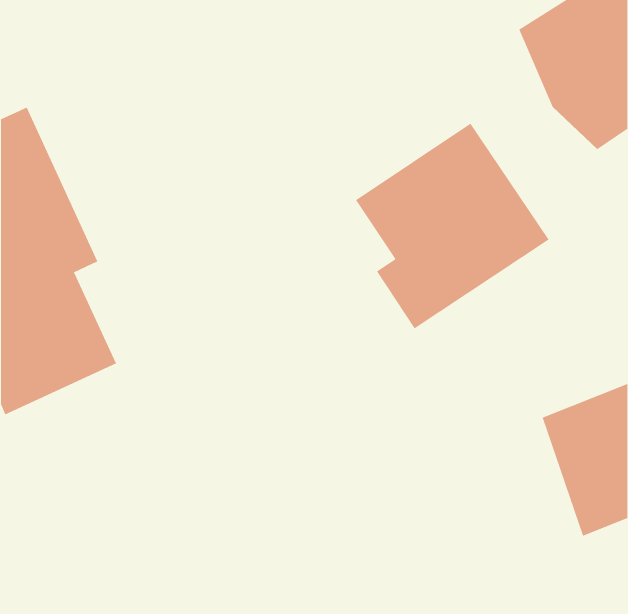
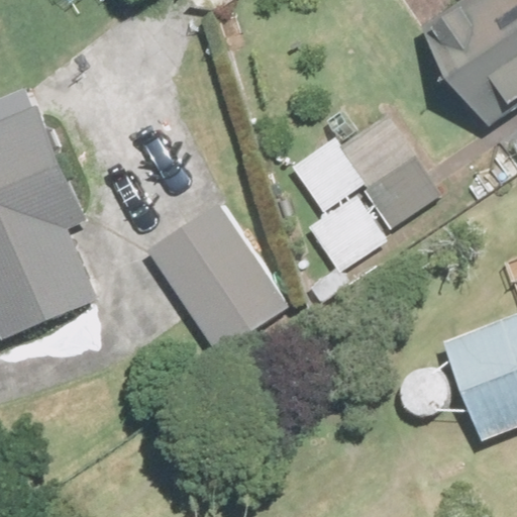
building: none -> [145,200,293,354]

